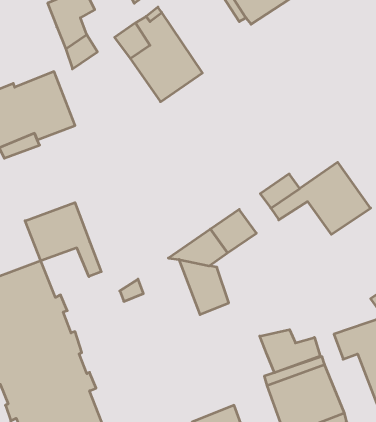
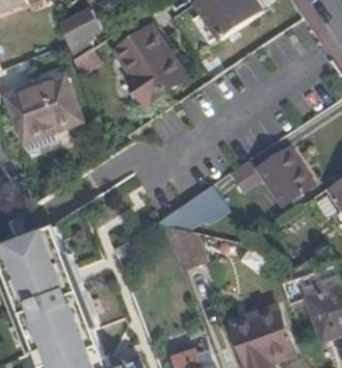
building: [25,203,101,277] -> none
building: [260,330,320,373] -> none

